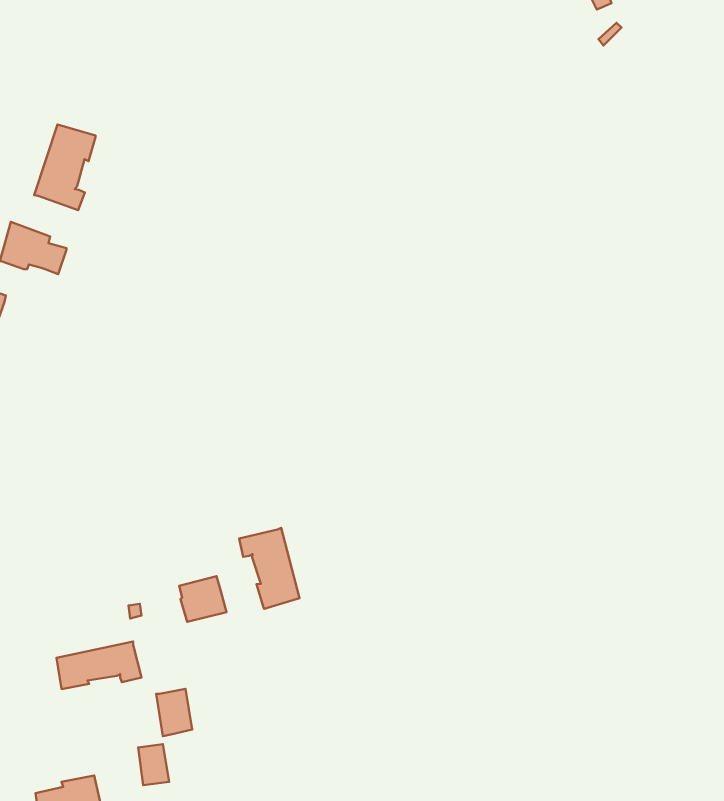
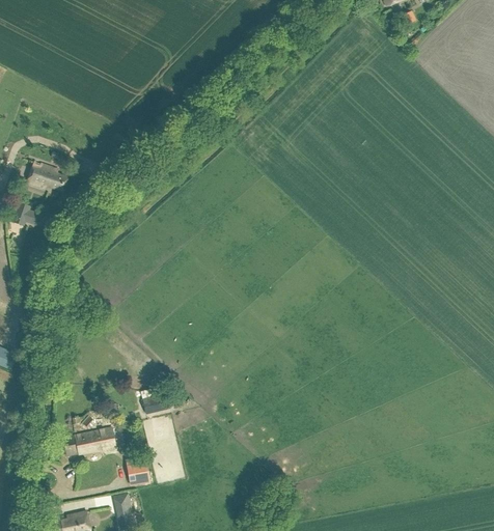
building: [34,125,96,210] -> none
building: [239,528,299,609] -> none

